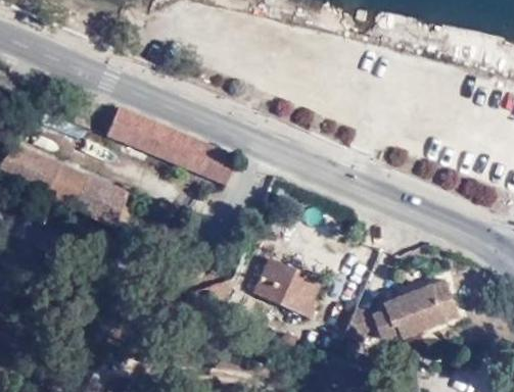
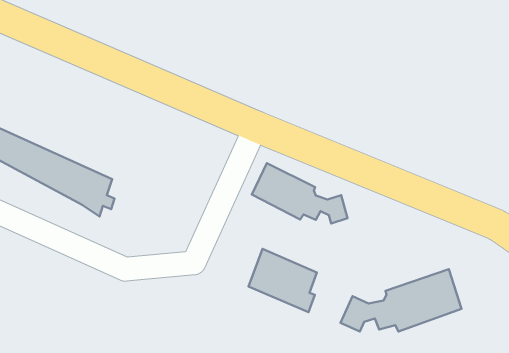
building: [108,106,233,188] -> none
building: none -> [252,163,348,223]

